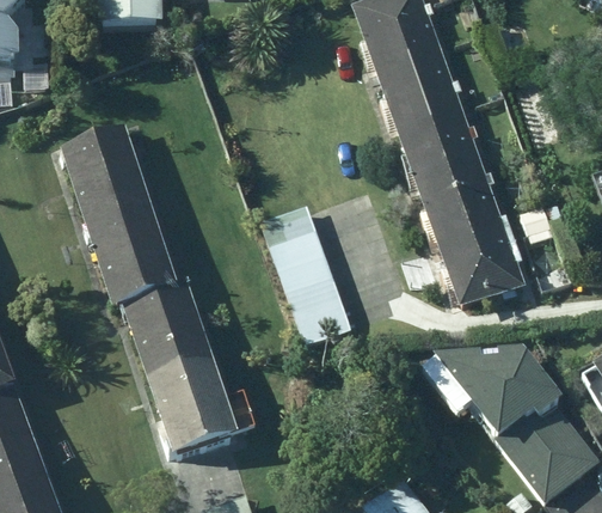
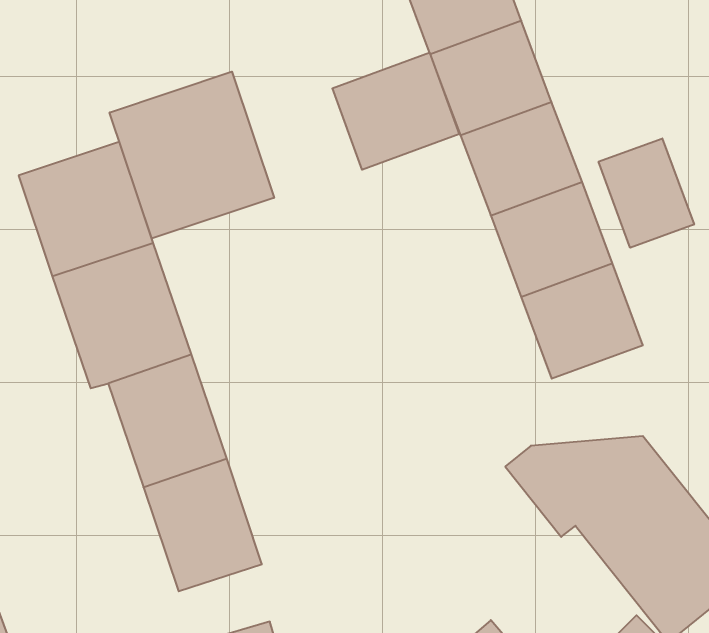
building: none -> [332,53,459,170]
building: none -> [110,72,274,239]
building: none -> [599,138,694,248]
building: [258,197,356,346] -> none

